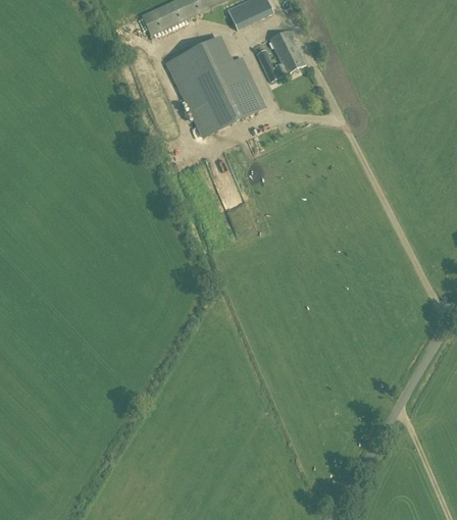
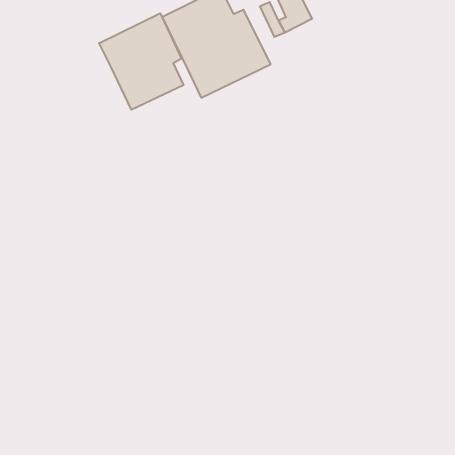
building: none -> [99,13,184,110]

